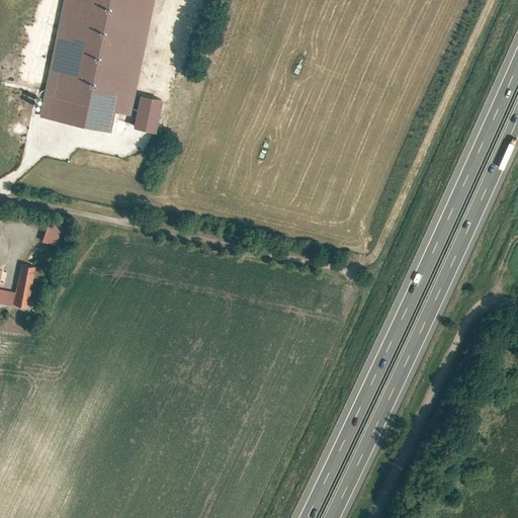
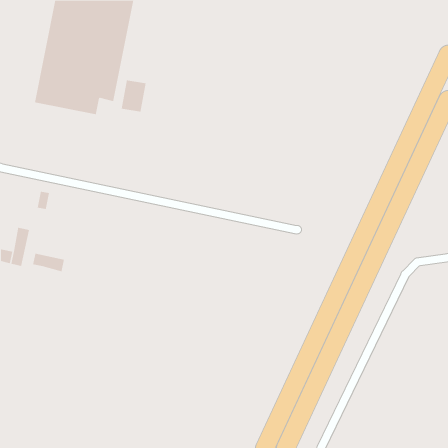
building: none -> [33,253,65,272]

